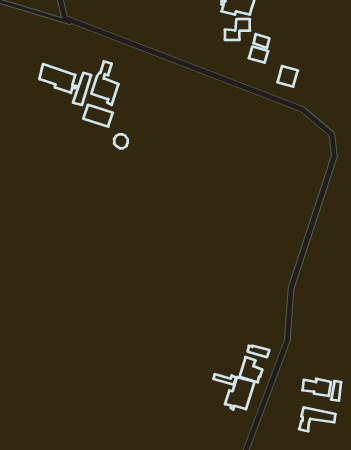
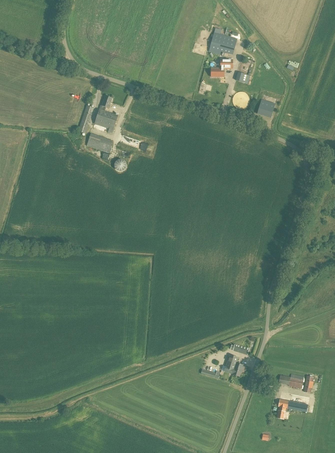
building: [40,64,76,93] -> none
building: [225,377,255,410] -> none

